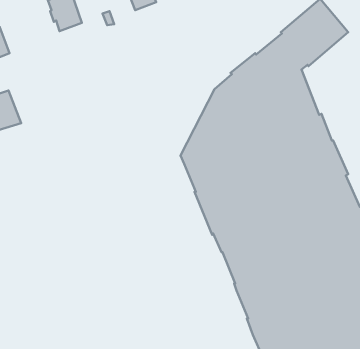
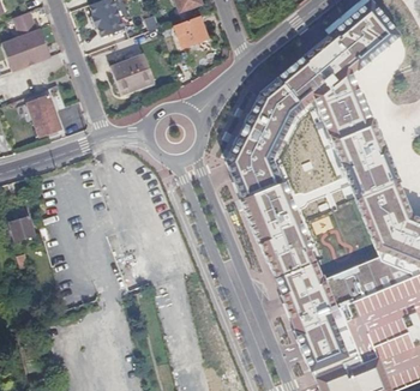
building: none -> [174,17,205,48]
building: none -> [113,54,154,92]

